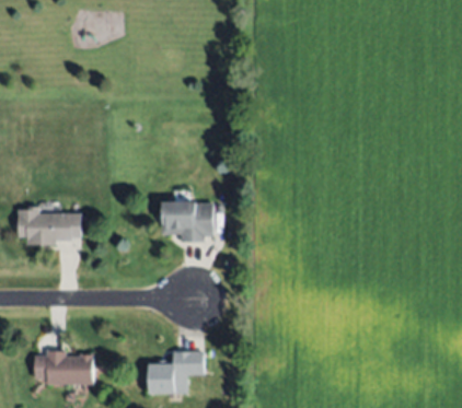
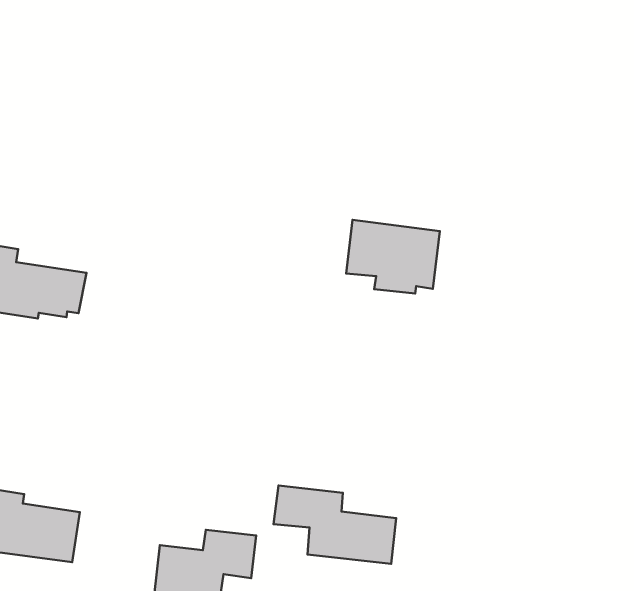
building: [161,202,213,242] -> [346,220,440,294]
building: none -> [274,485,396,564]

